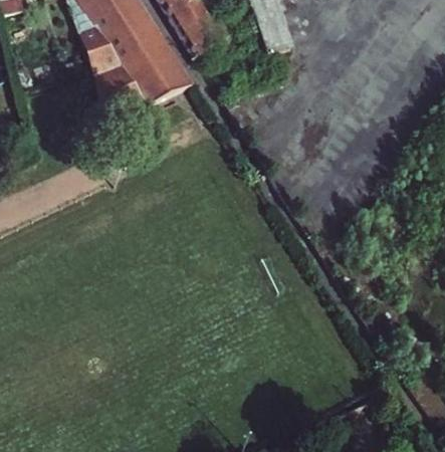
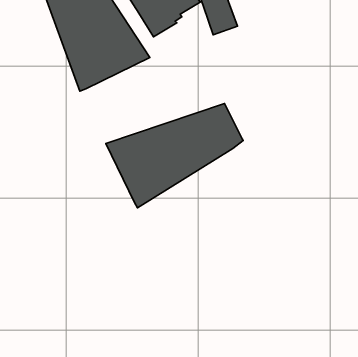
building: none -> [106,104,243,208]

